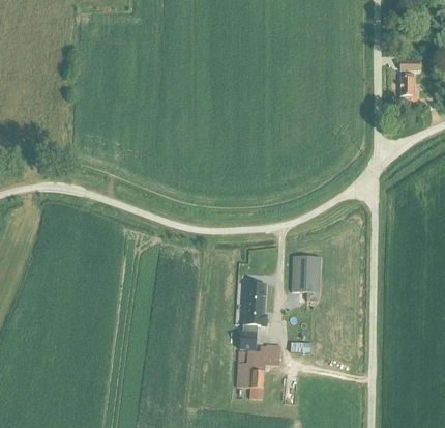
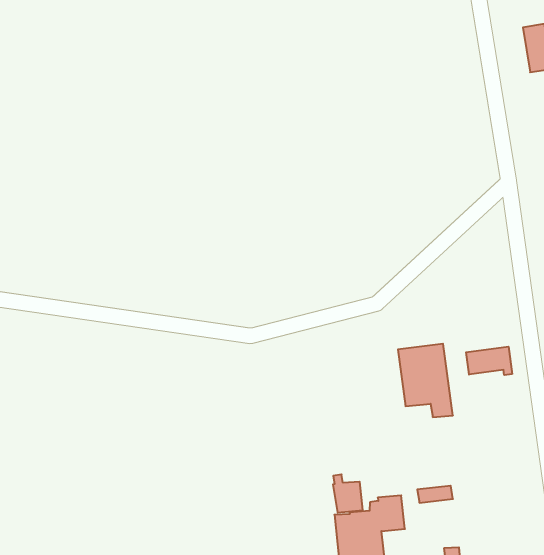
building: none -> [466,347,512,375]
building: [244,280,267,324] -> none

